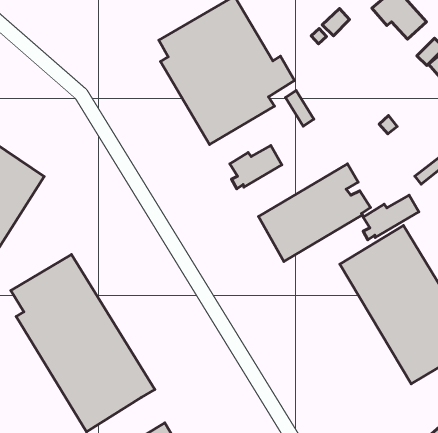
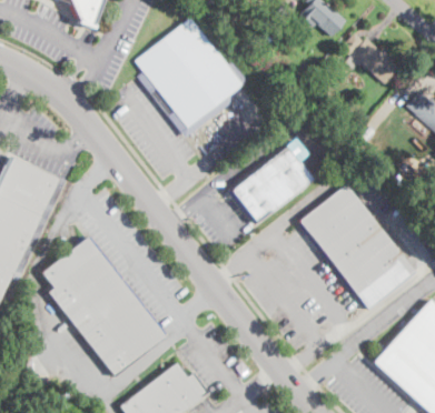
building: [230,146,282,189] -> none
building: [363,195,419,240] -> none

